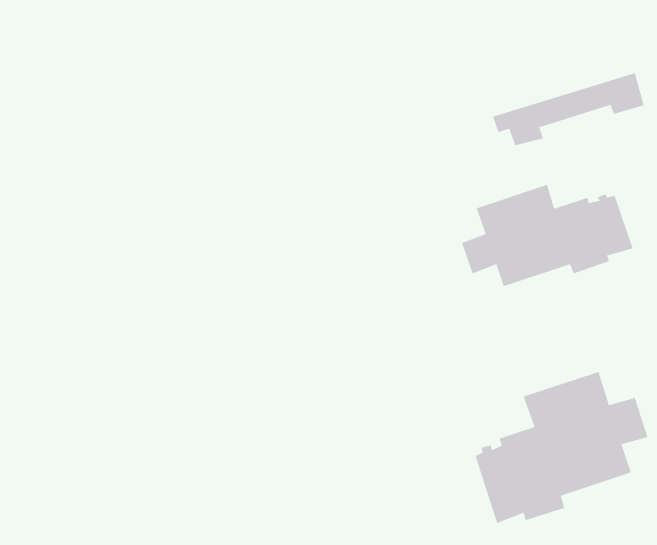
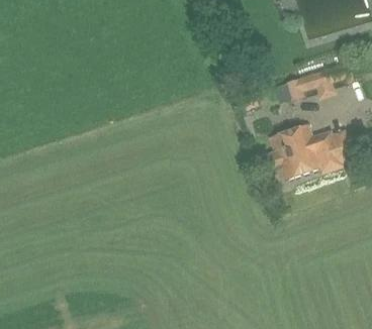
building: [475,371,648,524] -> none

